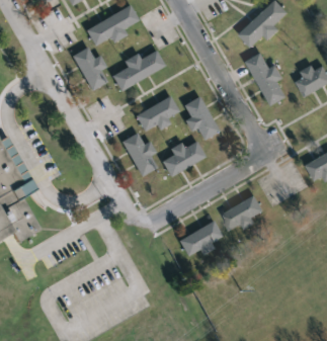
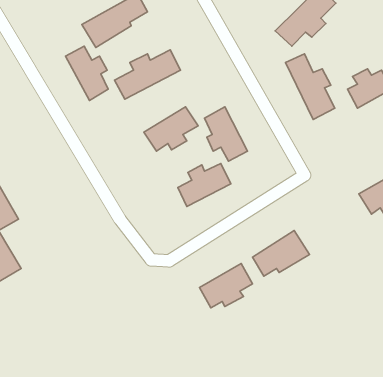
building: [121,132,156,175] -> none

